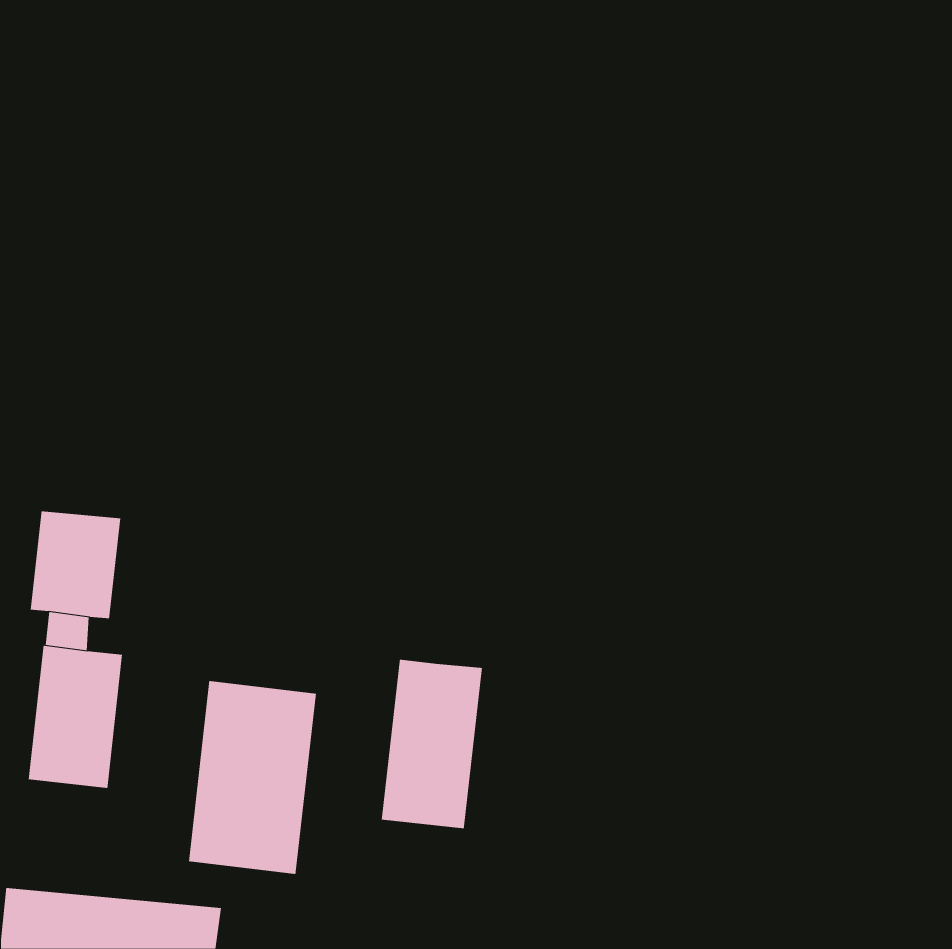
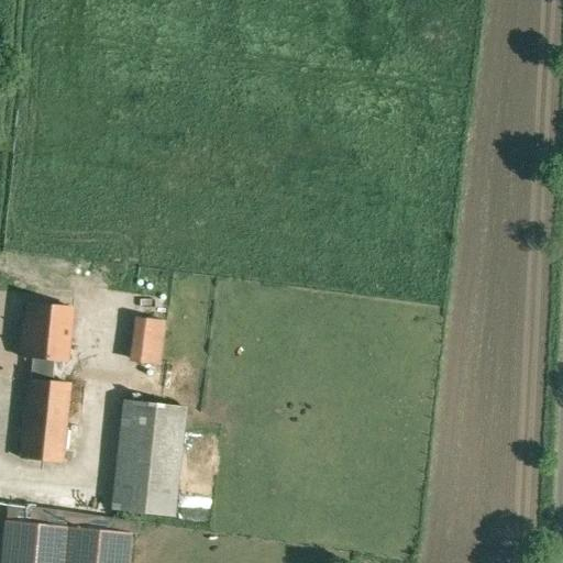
building: none -> [134,312,167,361]
building: [381,659,483,829] -> none

